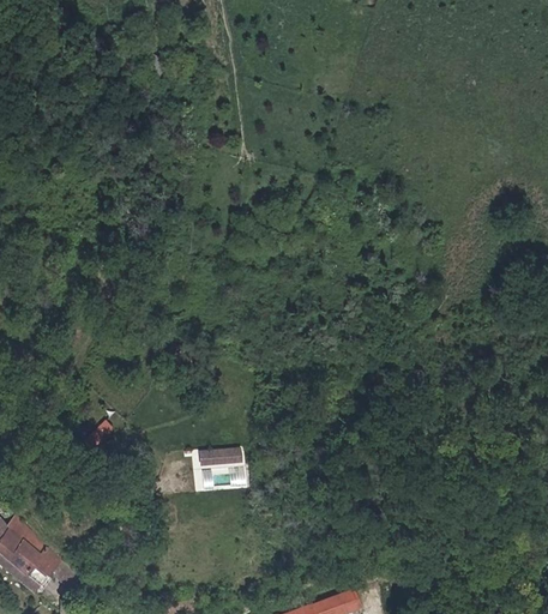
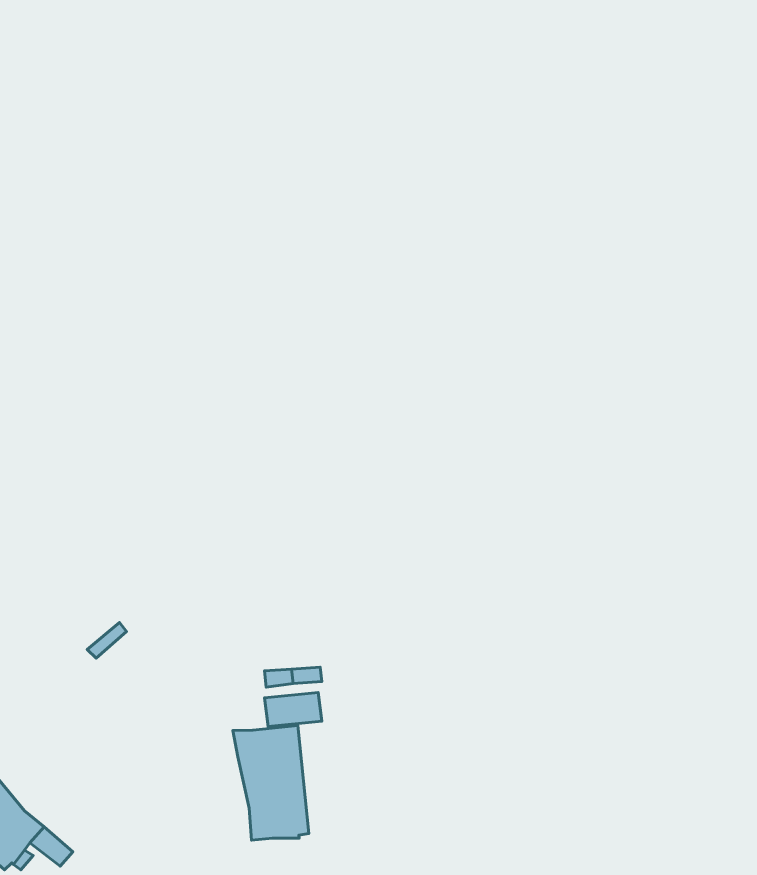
building: none -> [233,725,309,840]

